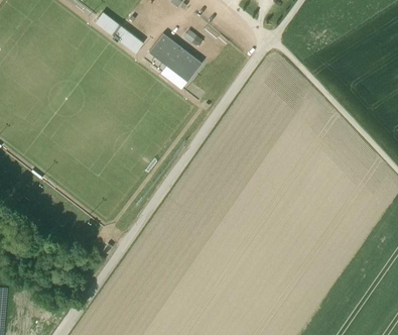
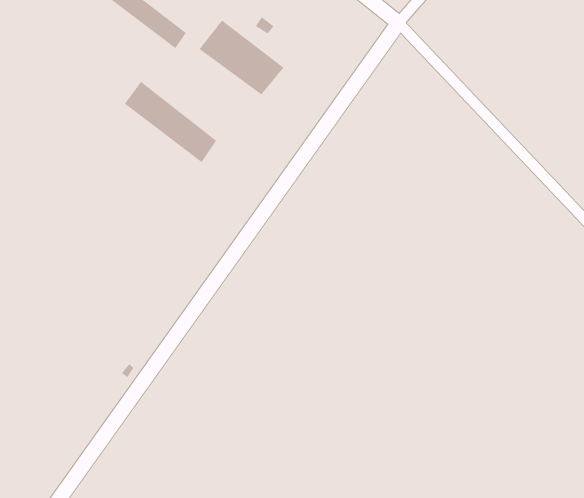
building: none -> [124,81,217,163]

